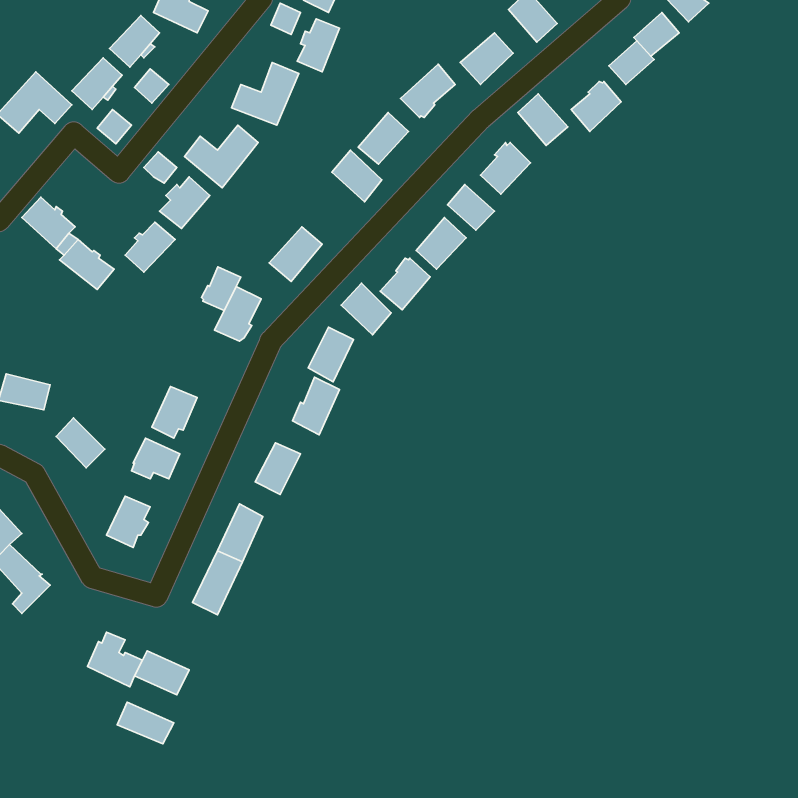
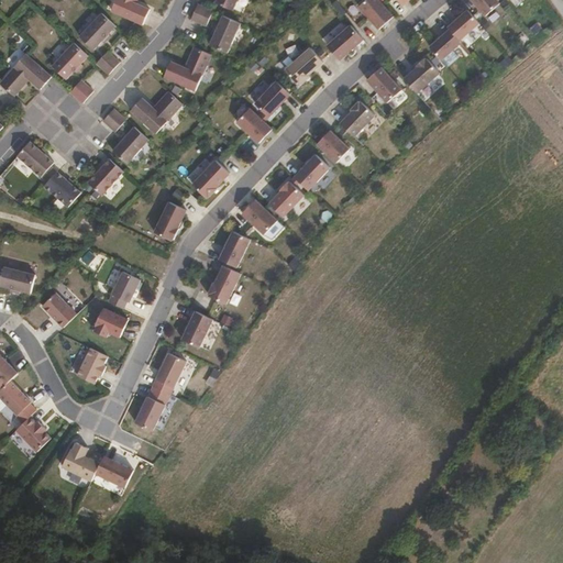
building: [201,267,241,311] -> none
building: none -> [13,419,49,453]
building: [117,702,174,744] -> none

